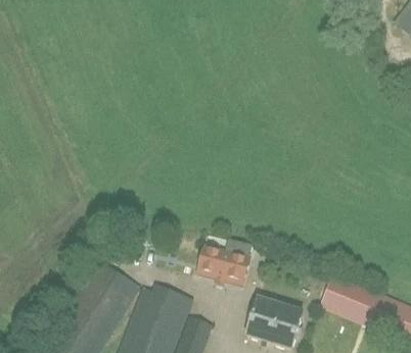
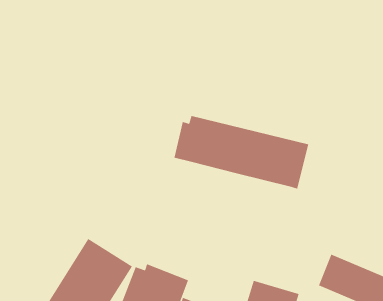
building: none -> [174,115,309,189]
building: [197,245,249,284] -> none

